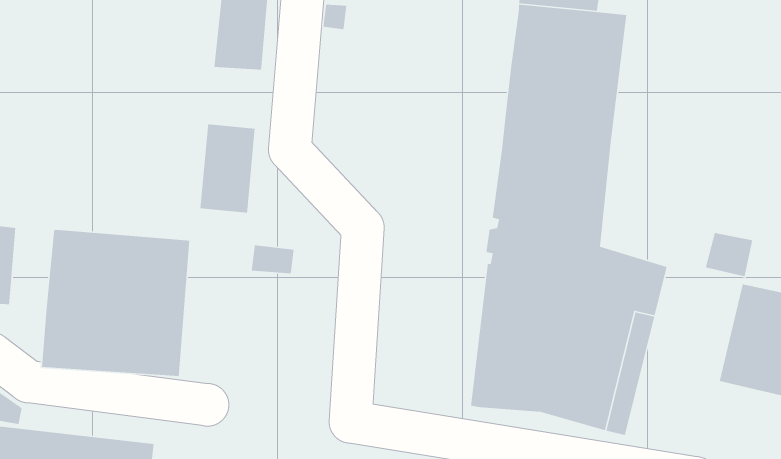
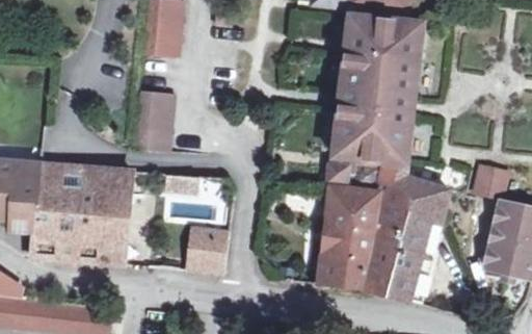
building: none -> [9,162,38,216]
building: none -> [189,227,227,272]

